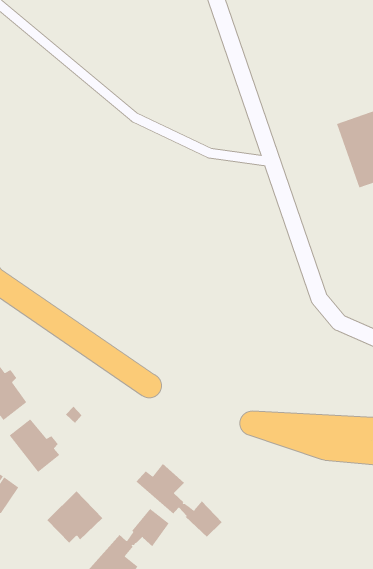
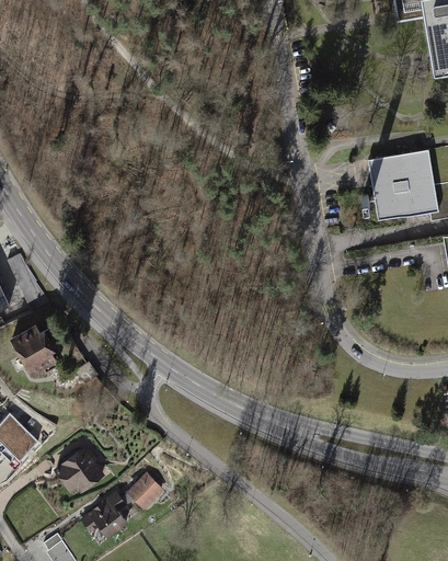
building: [9,418,60,473] -> none
building: [136,463,222,538] -> none

